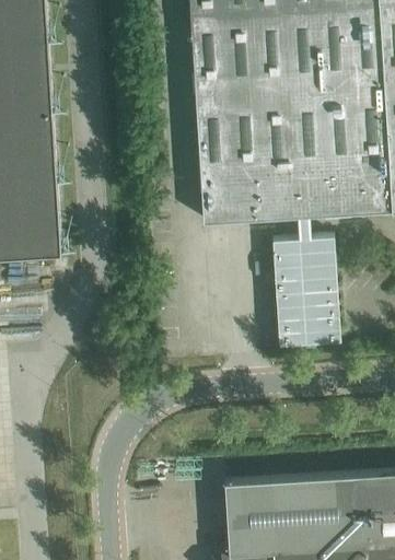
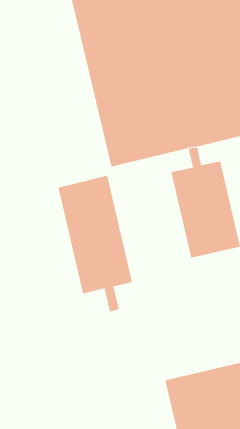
building: none -> [58,175,133,312]

